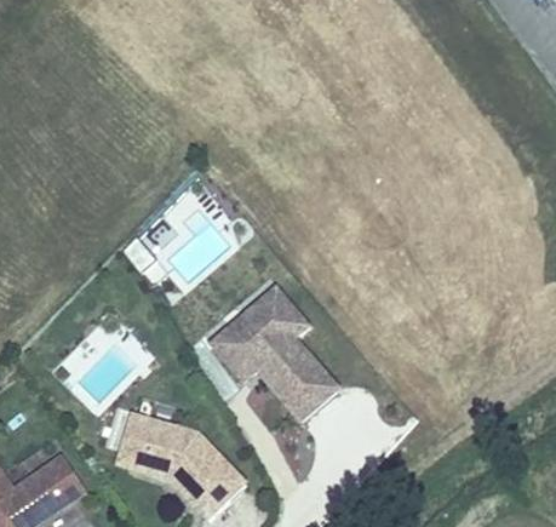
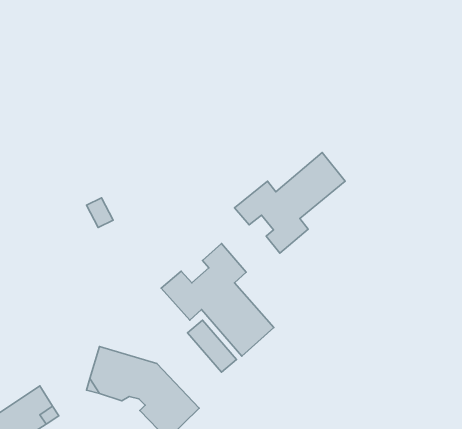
building: none -> [235,153,345,253]

